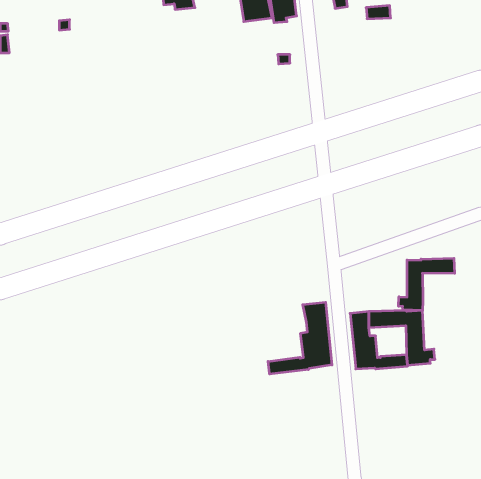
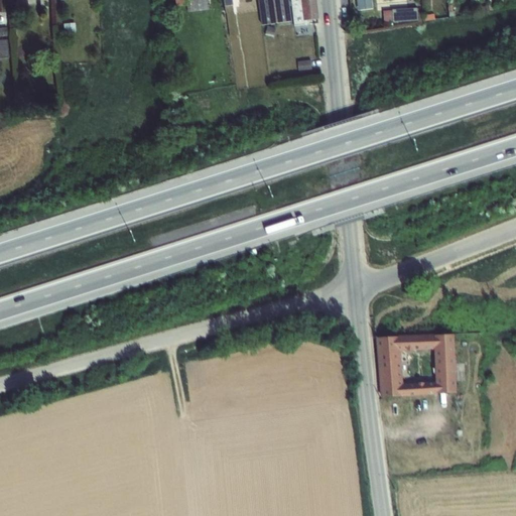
building: [399,258,455,311] -> none
building: [268,302,332,374] -> none

